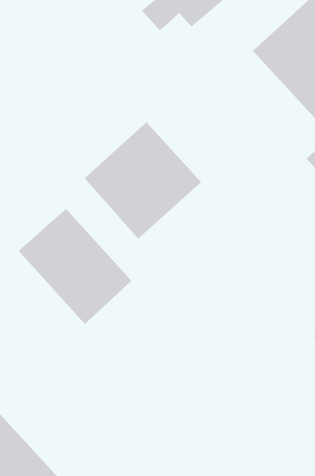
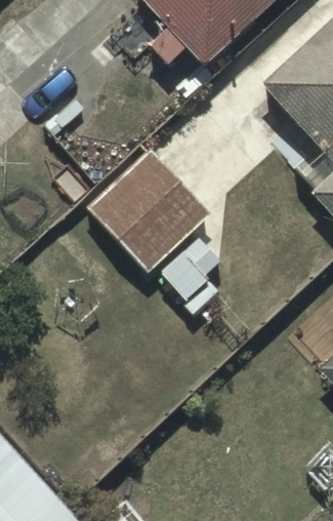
building: [18,208,132,325] -> none

